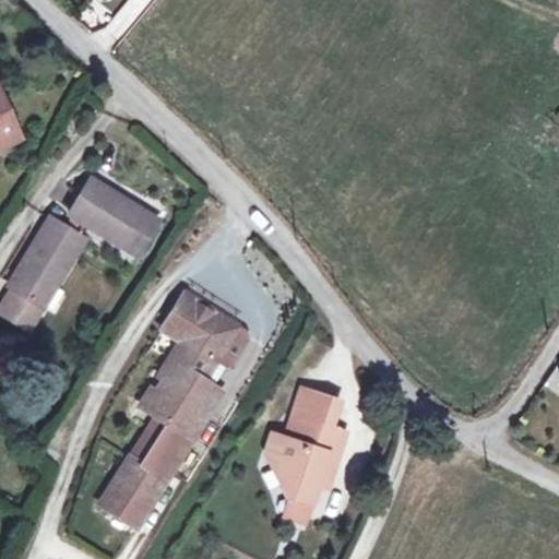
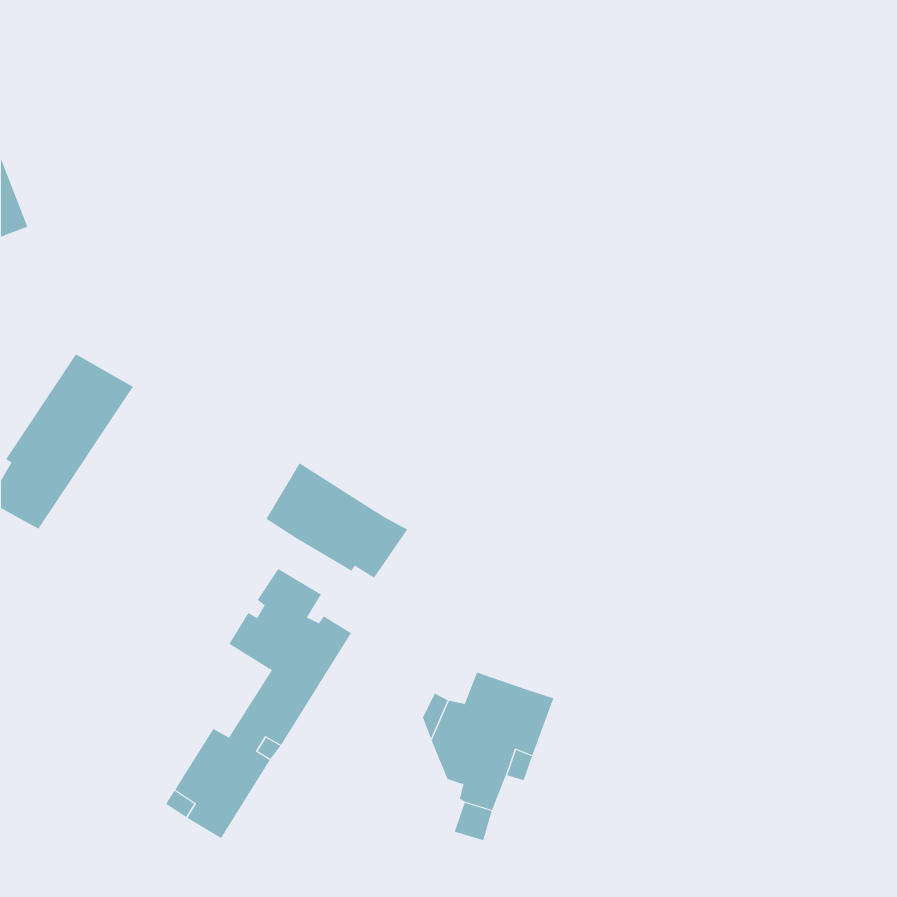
building: [67,180,155,258] -> none
building: [174,335,225,394] -> none
building: [297,391,337,429] -> none

